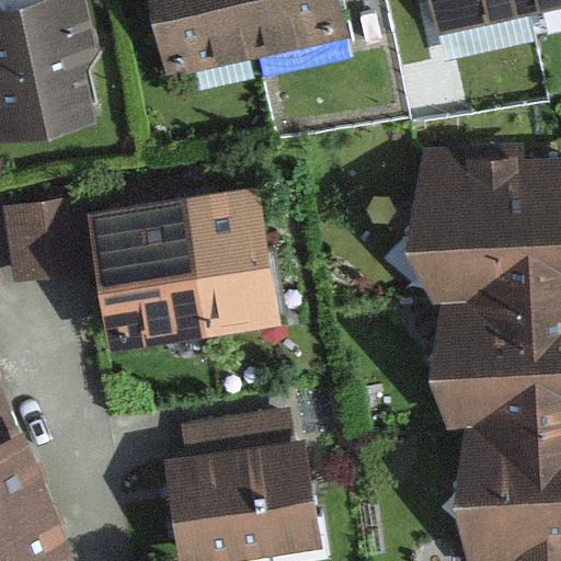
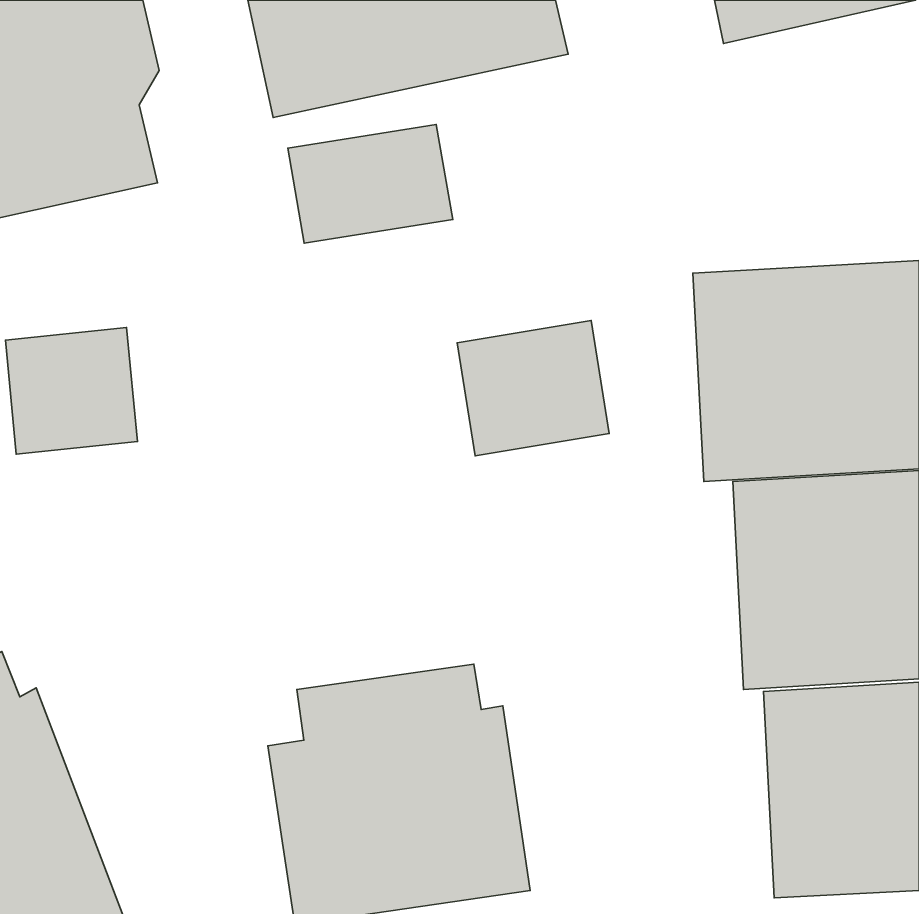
building: none -> [288,124,453,243]
building: [90,184,277,347] -> none
building: none -> [457,320,609,456]

